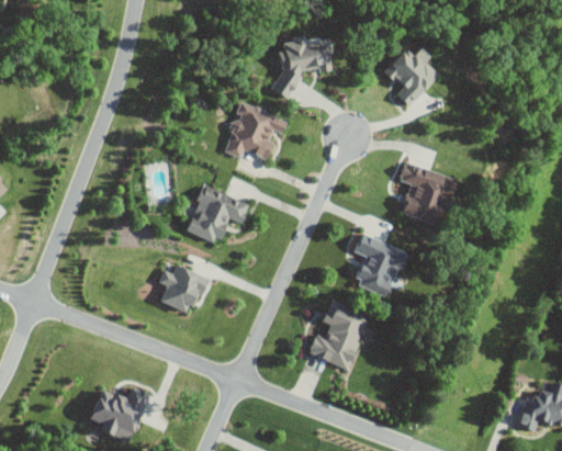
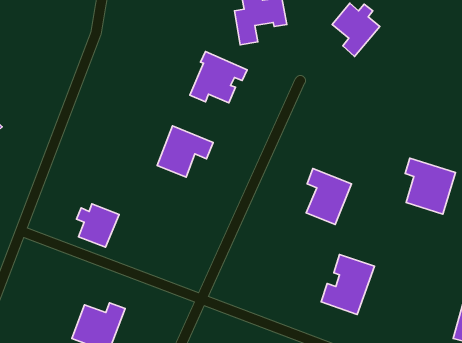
building: [400,162,457,226] -> [405,158,455,214]
building: [158,264,206,314] -> [76,204,119,247]
building: [308,301,369,369] -> [321,254,374,314]

